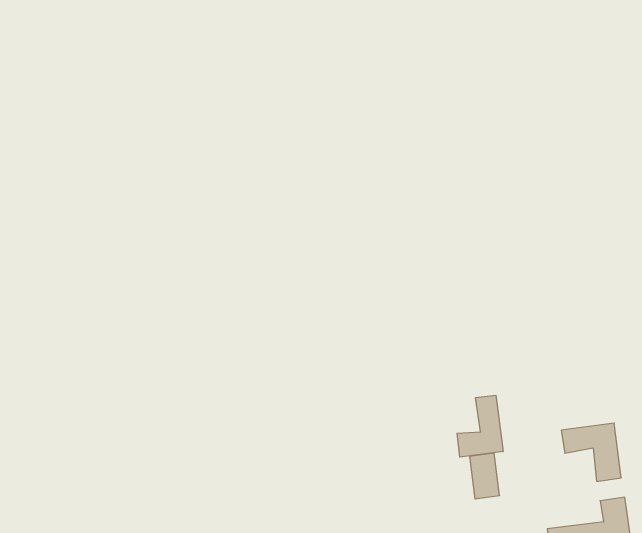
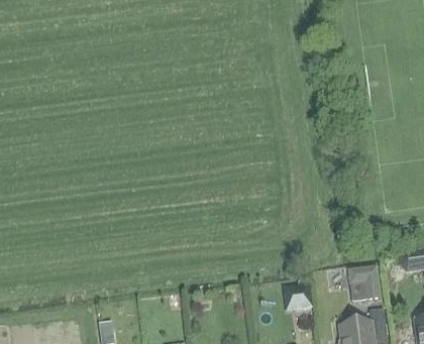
building: [457,395,503,457] -> none

